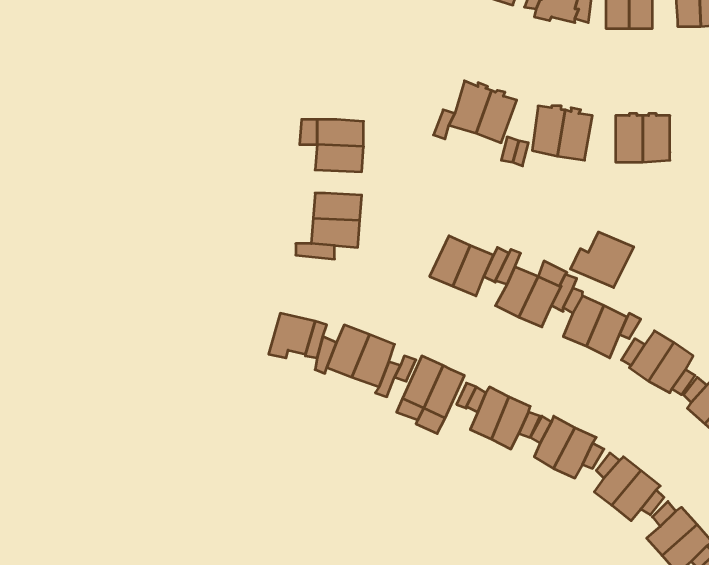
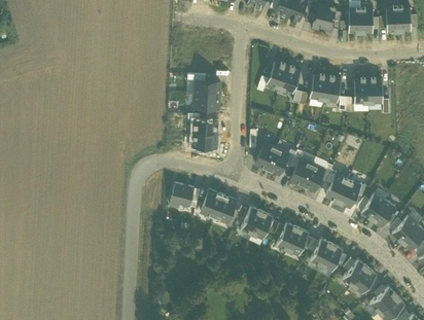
building: [570,232,634,288] -> none

